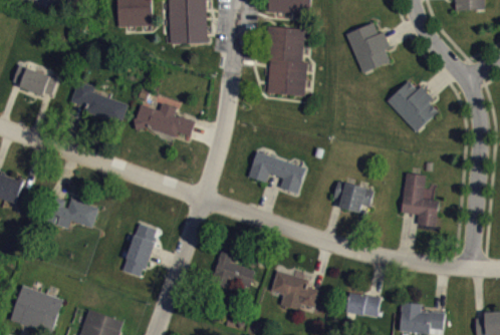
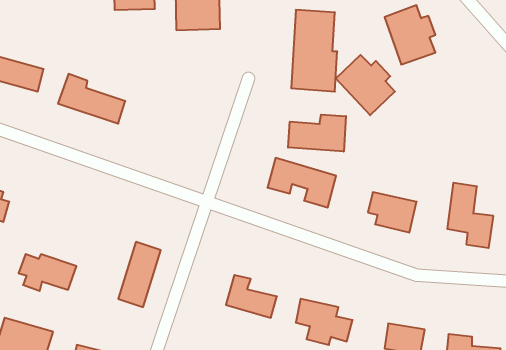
building: [387,80,437,131] -> [336,55,395,115]
building: [134,102,195,137] -> none
building: none -> [288,115,346,152]
building: [50,198,99,229] -> [18,254,76,291]

